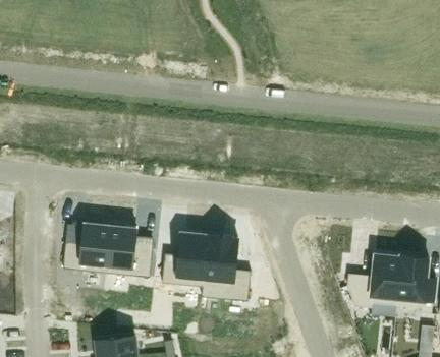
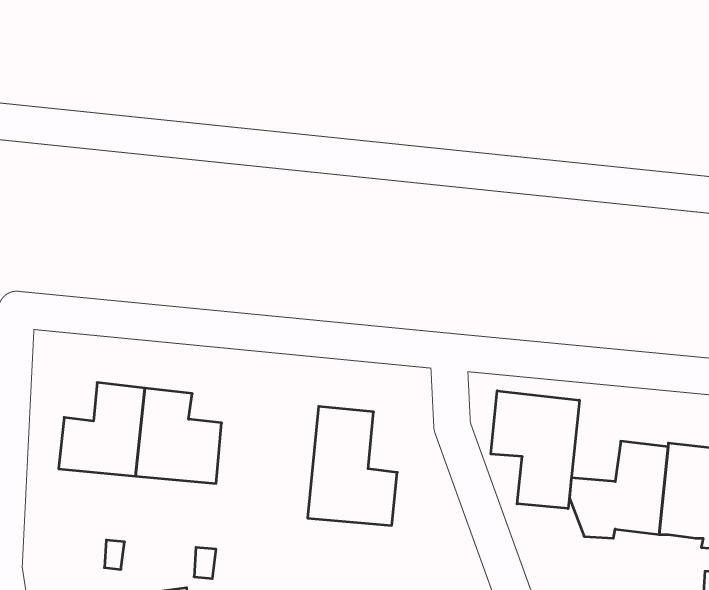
building: none -> [491,391,579,509]
building: [161,231,207,286] -> none

